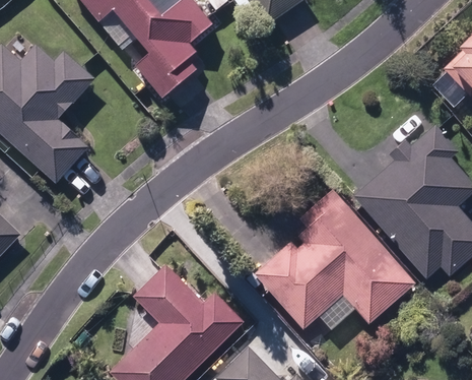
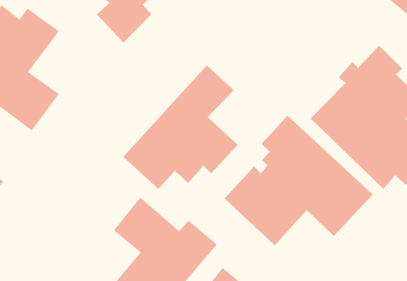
building: none -> [123,65,239,190]

